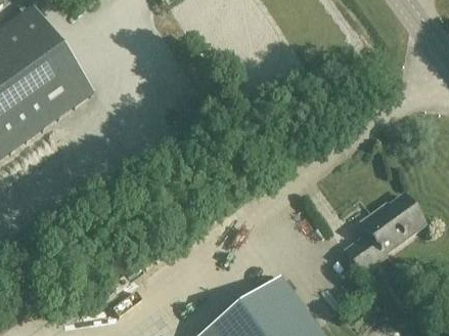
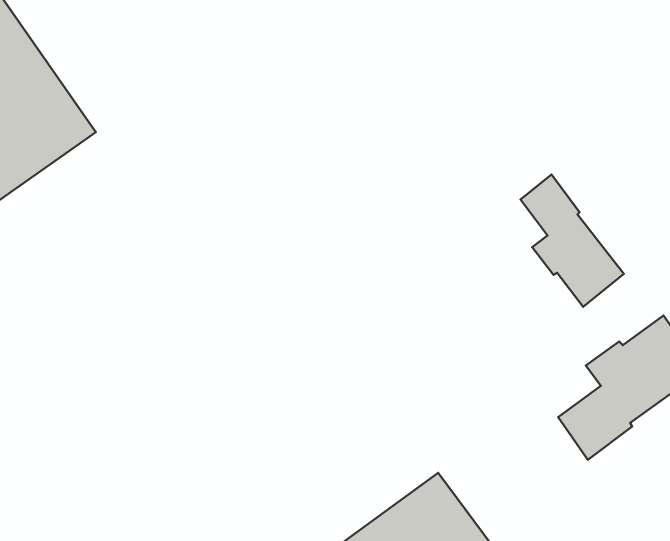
building: none -> [520,174,624,307]

